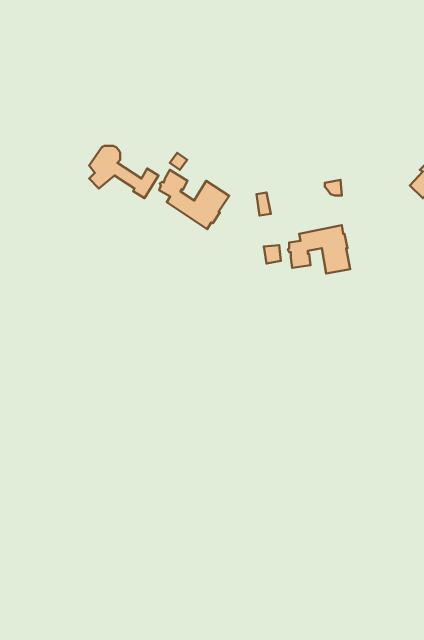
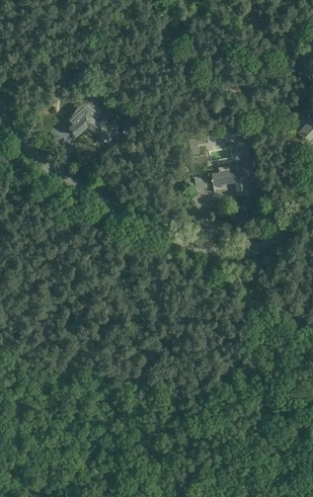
building: [159,170,229,229] -> none

